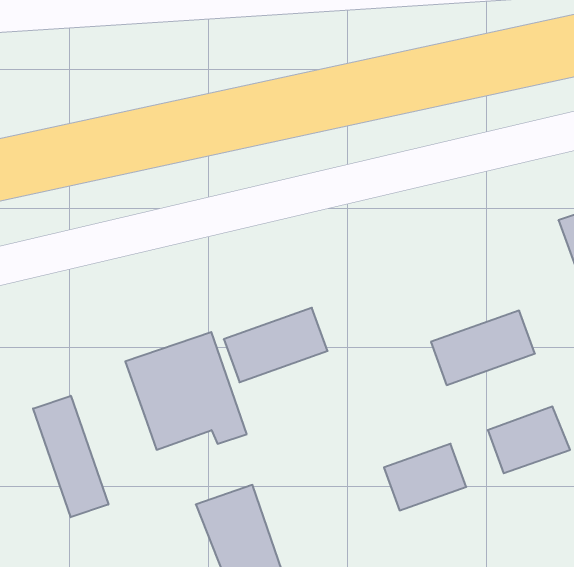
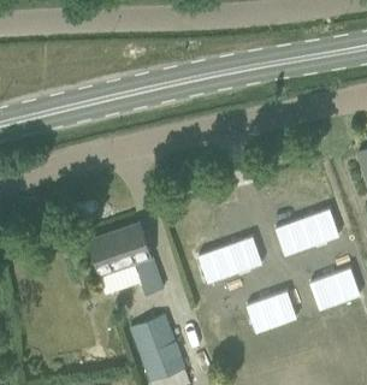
building: [224,308,328,382] -> [197,237,261,283]
building: [33,396,108,517] -> none

